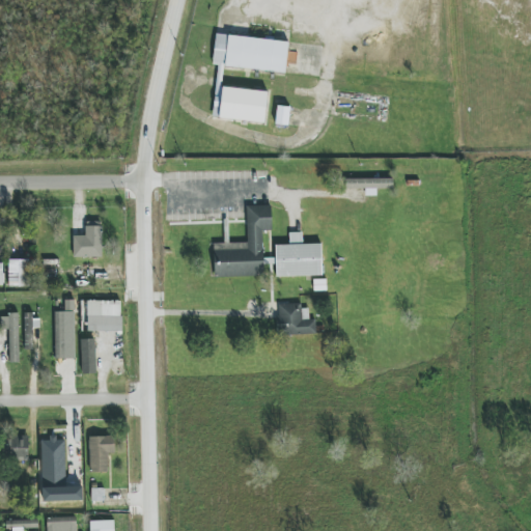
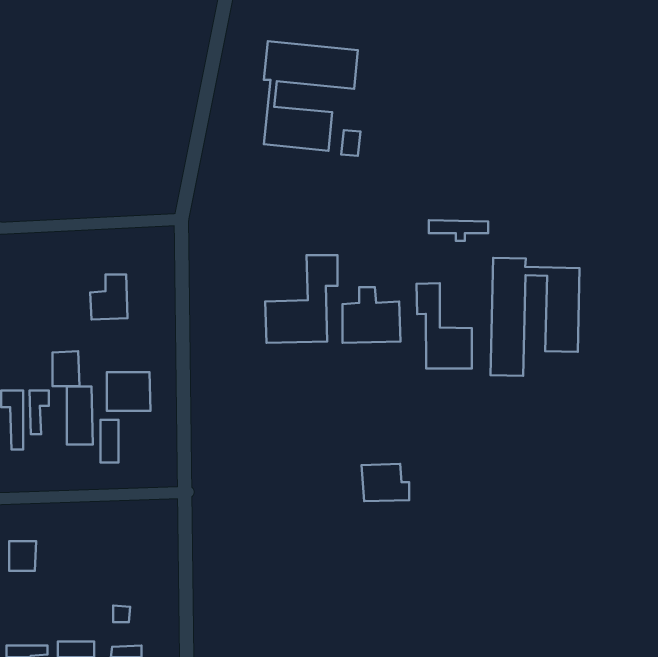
building: none -> [490,258,580,376]
building: none -> [416,283,472,369]
building: [8,258,30,286] -> [52,351,80,386]
building: [277,304,315,334] -> [362,464,409,501]
building: [89,436,115,472] -> none
building: [41,438,83,501] -> none

